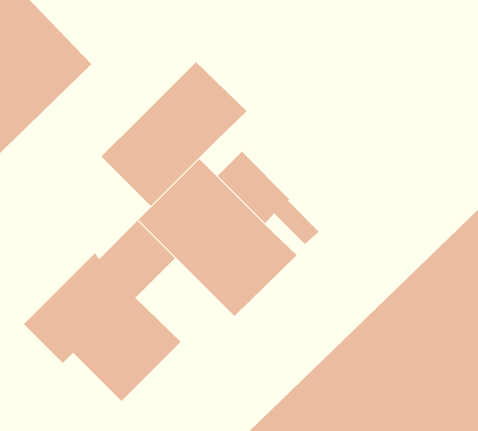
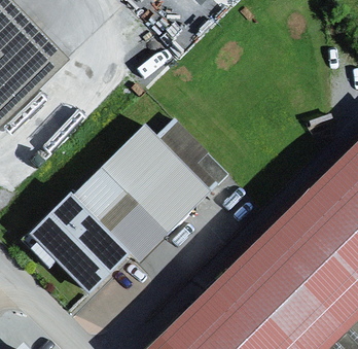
building: [101,61,247,207] -> none
building: none -> [98,196,165,263]

